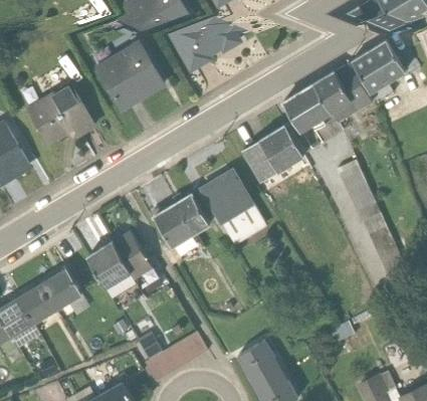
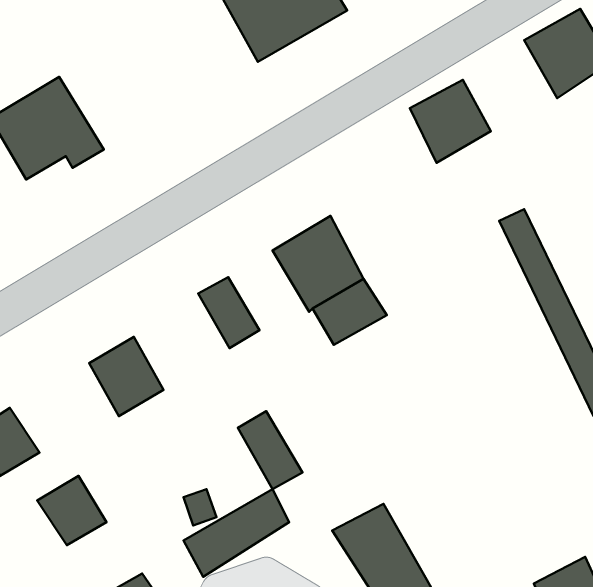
building: [94,42,166,112] -> none
building: [314,71,354,116] -> none
building: [241,129,302,186] -> none
building: [172,193,210,236] -> none
building: [115,230,154,277] -> [238,411,302,489]
building: [39,268,81,311] -> [37,476,107,545]

